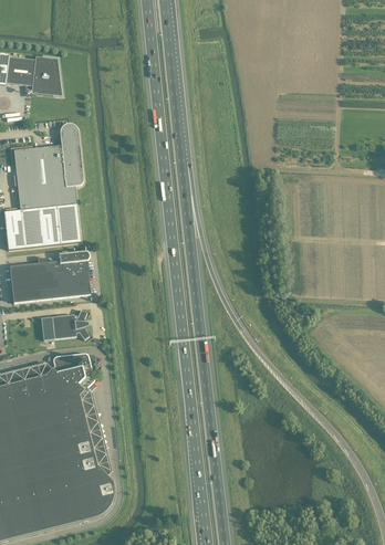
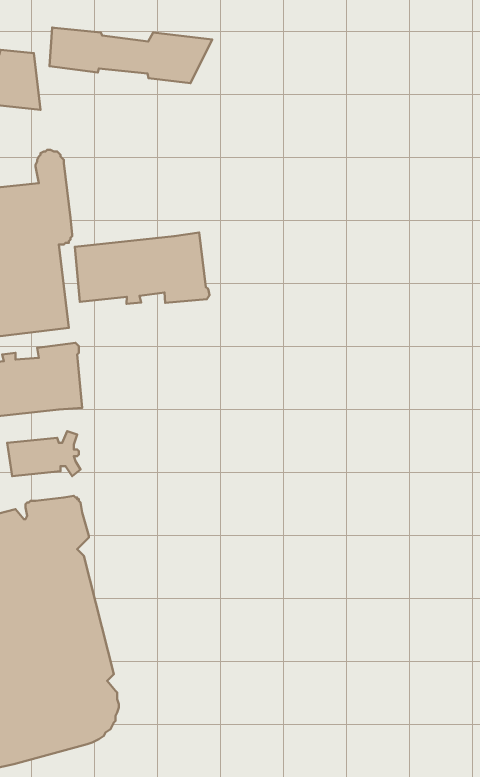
building: none -> [49,27,212,83]
building: none -> [75,233,209,304]

